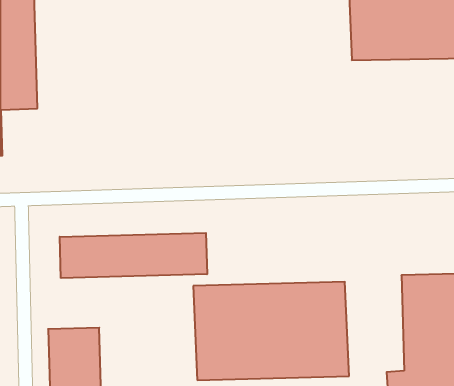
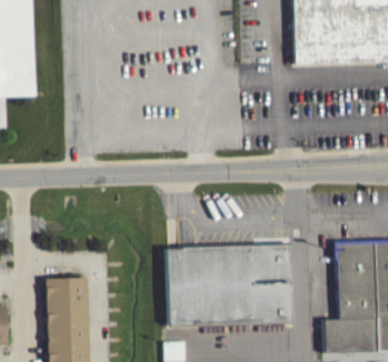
building: [60,233,207,278] -> none

